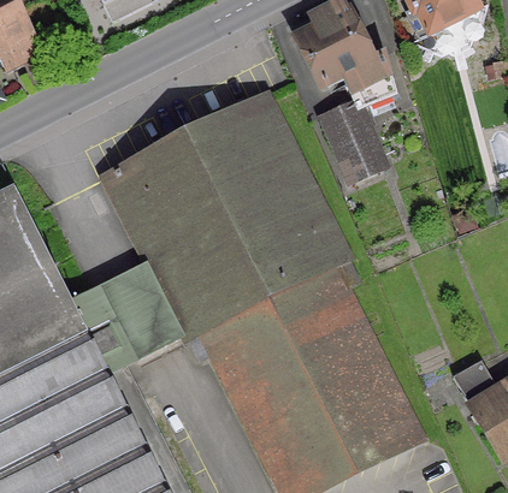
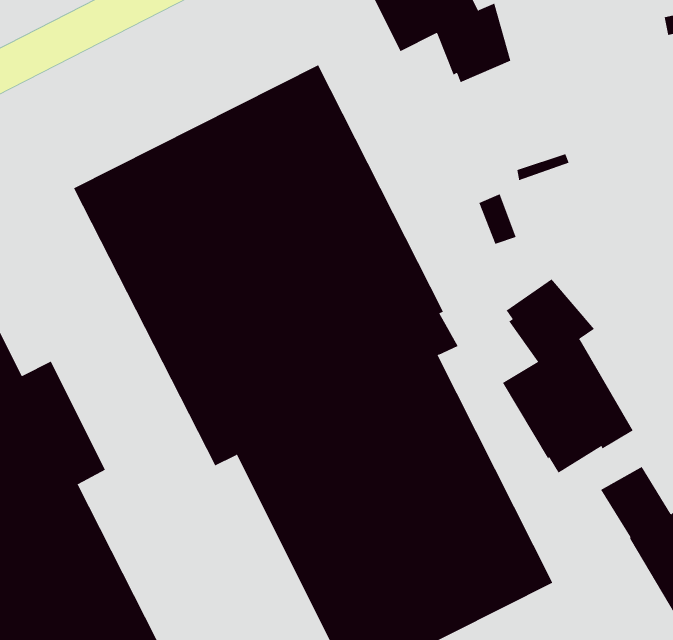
building: [319,99,383,180] -> none
building: none -> [502,279,634,474]

